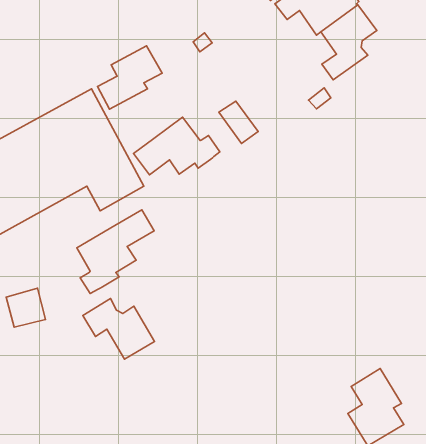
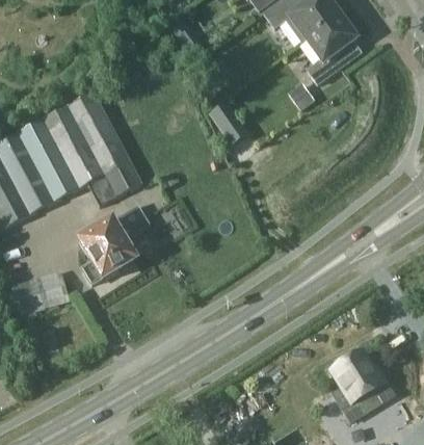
building: [97,46,162,109] -> none
building: [134,117,220,175] -> none
building: [83,299,154,359] -> none

